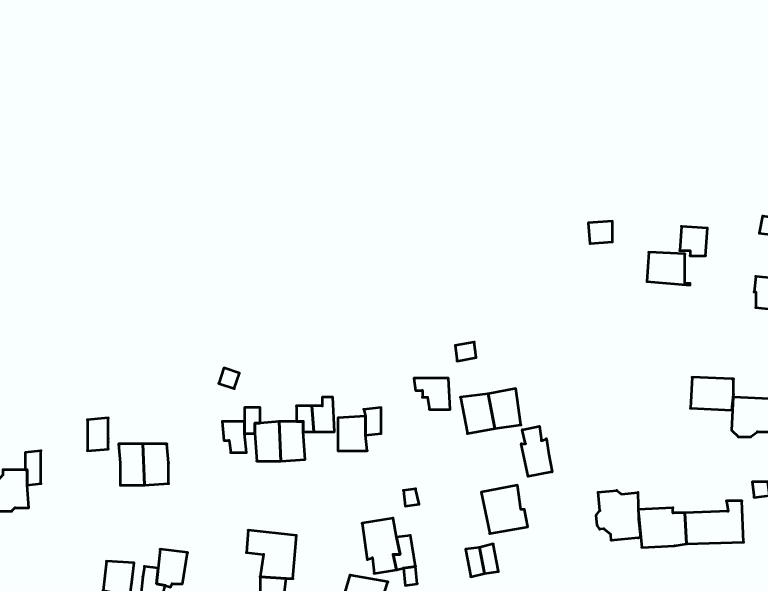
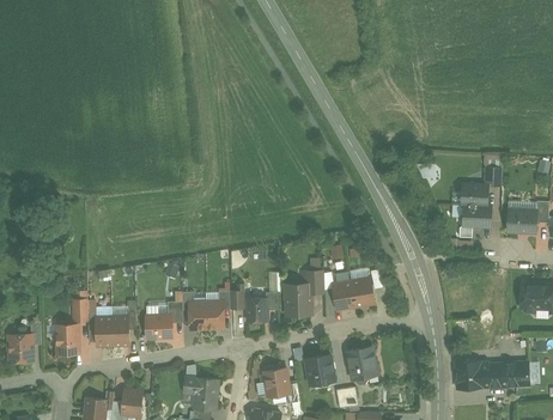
building: none -> [458,203,491,226]
building: [690,377,734,410] -> [506,209,536,232]
building: none -> [284,284,311,314]
building: [521,426,552,476] -> none
building: none -> [145,314,172,337]
building: none -> [54,324,79,355]
building: [596,490,640,540] -> none
building: none -> [305,353,334,385]

